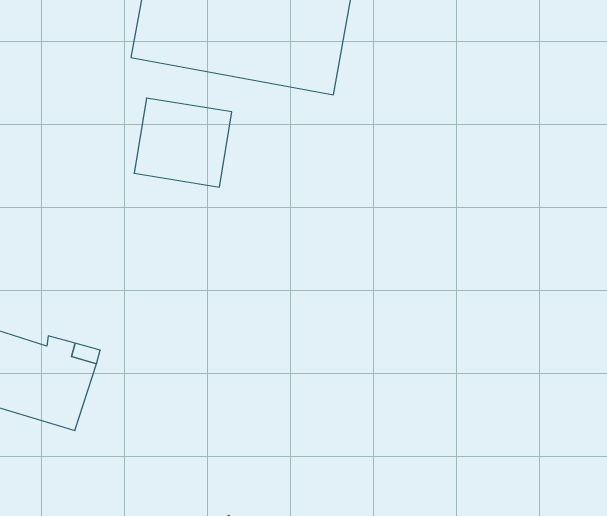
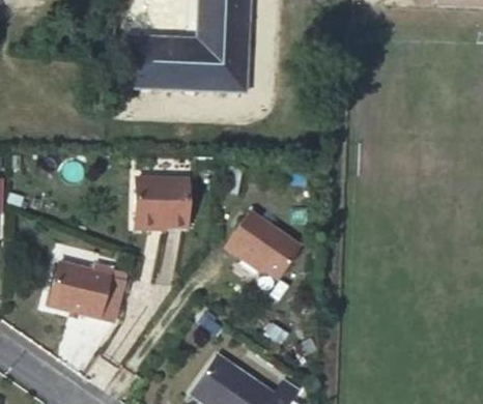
building: [134,98,232,187] -> [134,179,187,226]
building: none -> [226,211,302,278]

